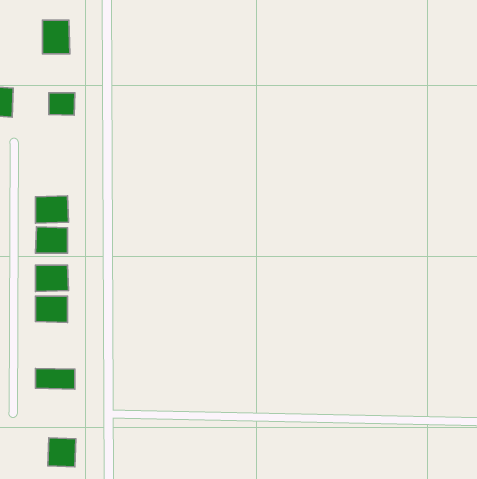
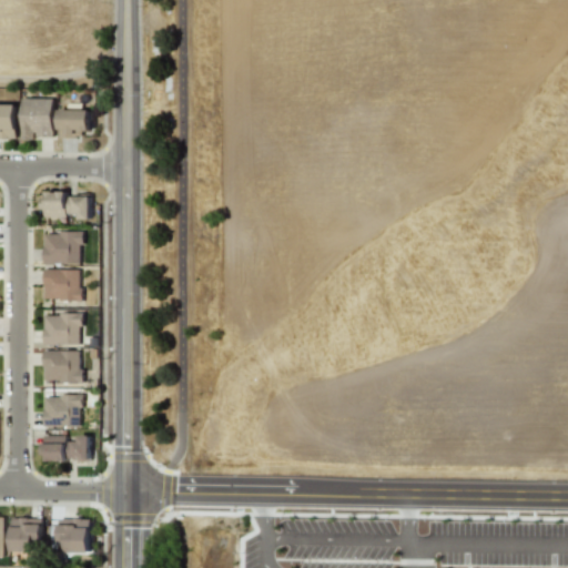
building: [43,20,70,54] -> [20,98,52,138]
building: none -> [42,191,89,219]
building: none -> [42,395,80,426]
building: none -> [10,517,41,551]

